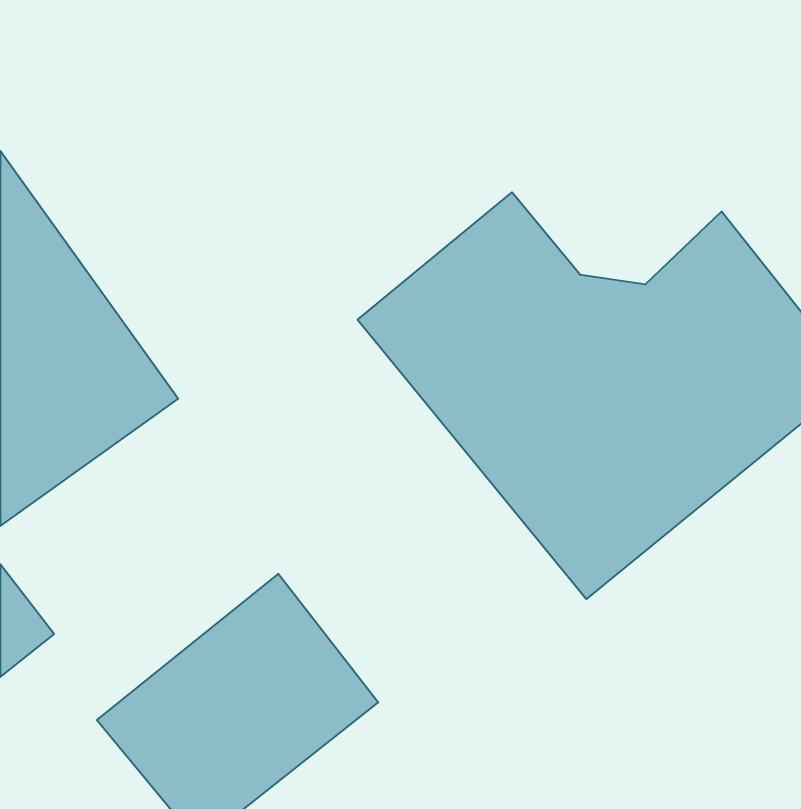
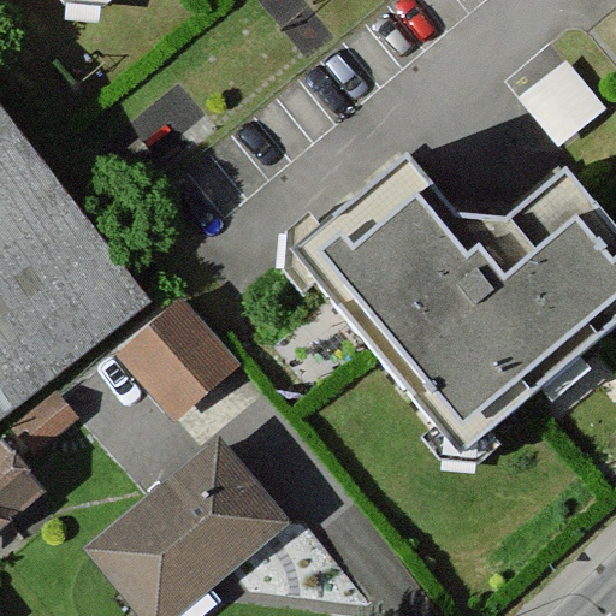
building: none -> [16,294,241,460]

